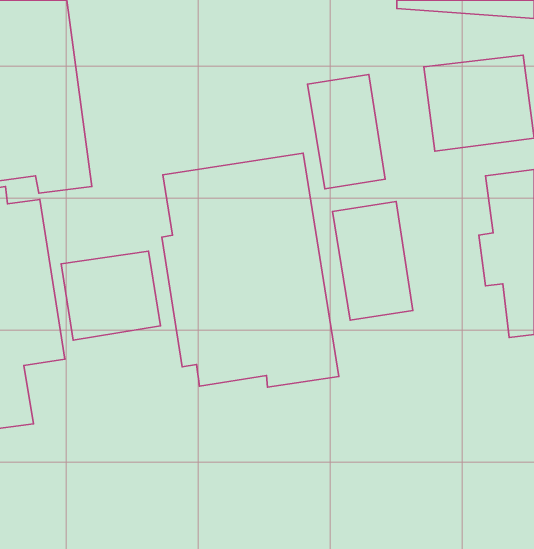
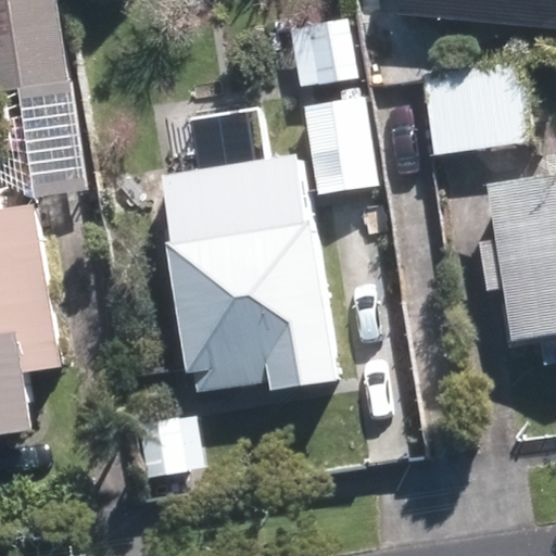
building: [332,201,413,320] -> none
building: [61,251,160,340] -> none

